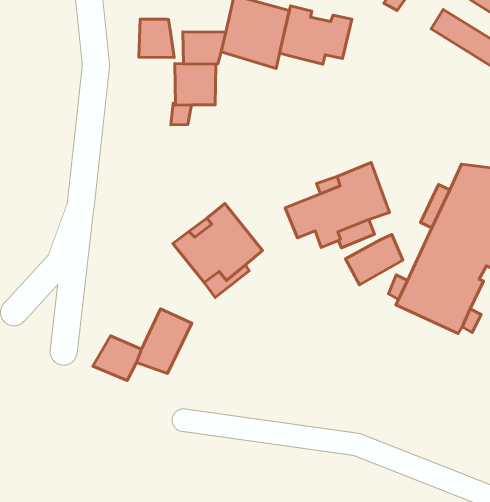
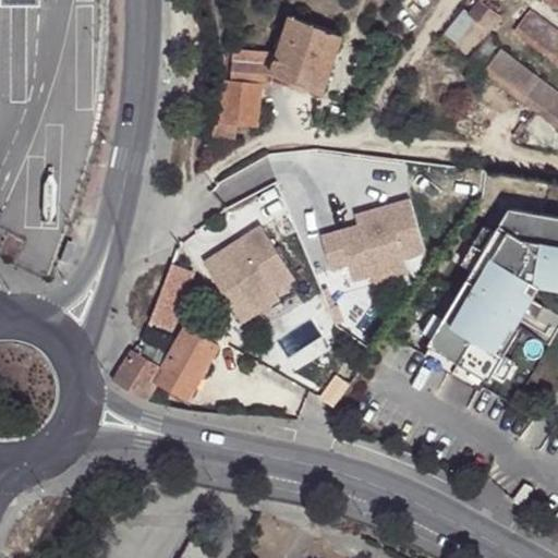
building: [279,6,352,64] -> none
building: [139,19,174,58] -> none
building: [346,234,403,285] -> none
building: none -> [149,263,191,328]

